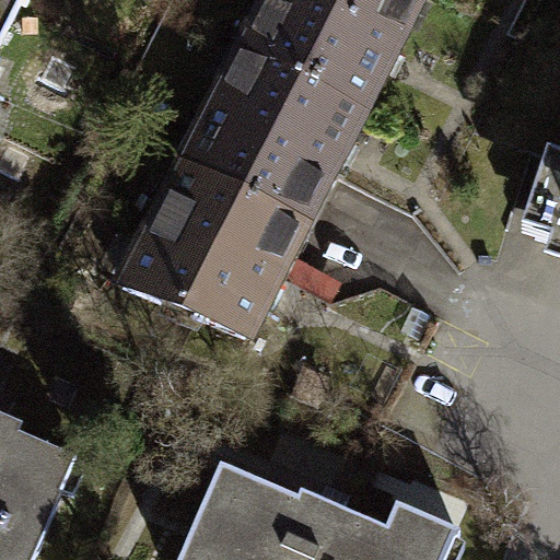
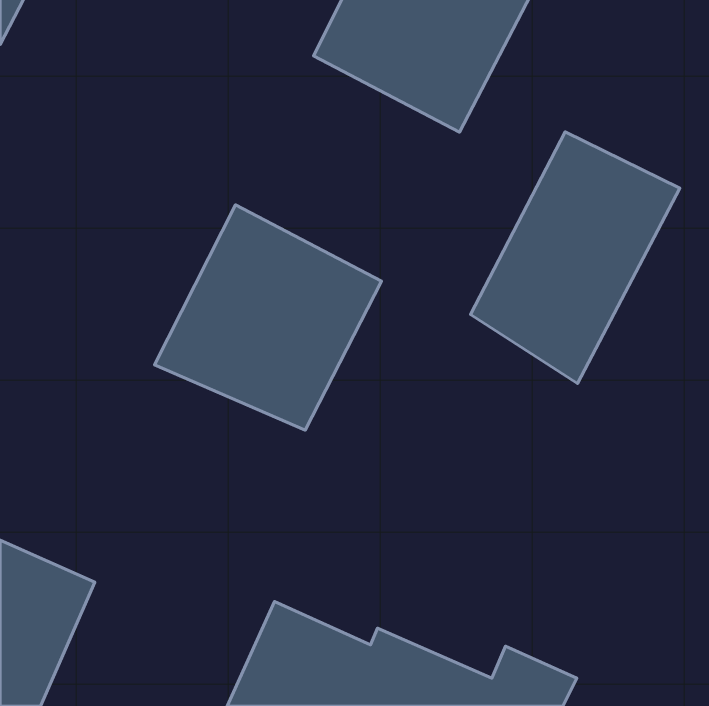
building: [187,44,363,221] -> none
building: none -> [470,132,680,384]

